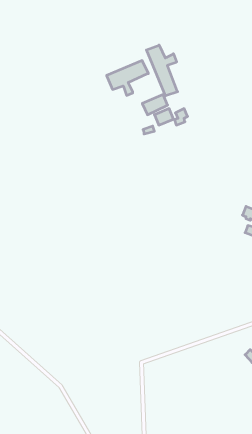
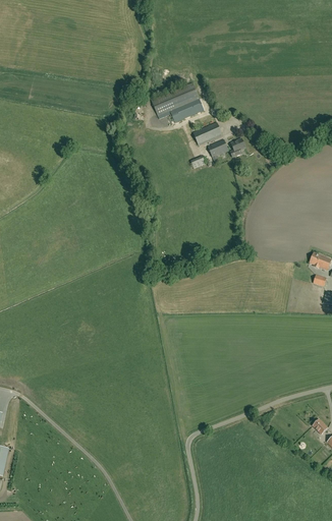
building: [146,45,178,96] -> none

